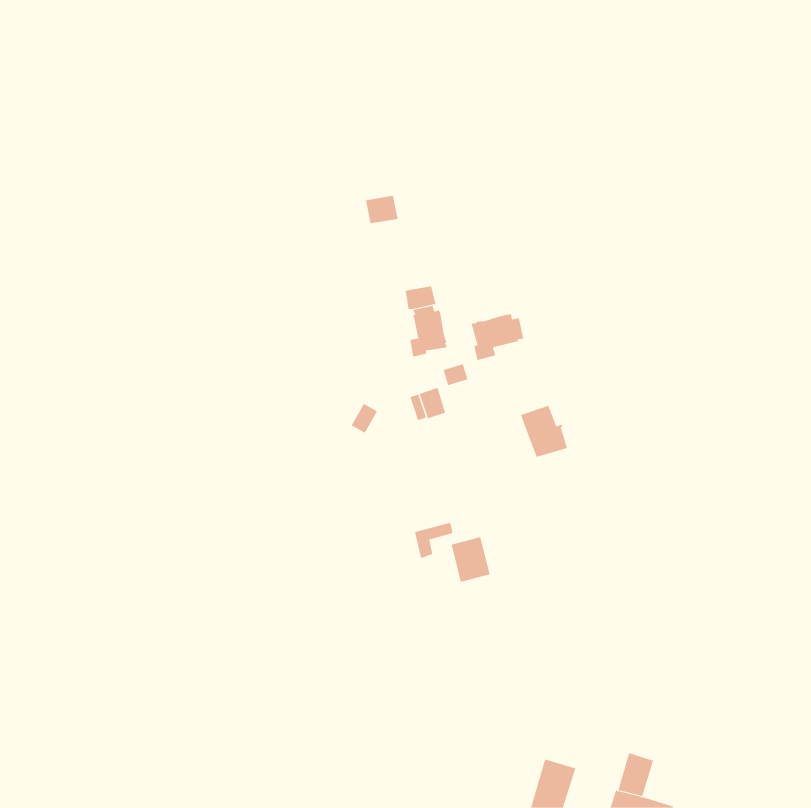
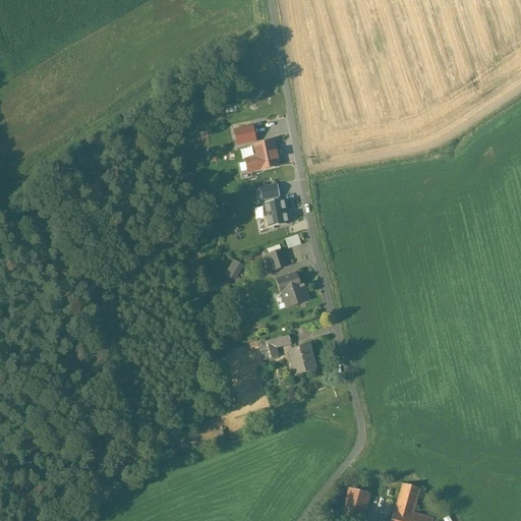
building: none -> [245,140,277,169]
building: [471,314,524,361] -> none
building: [520,405,568,458] -> [277,272,307,305]

